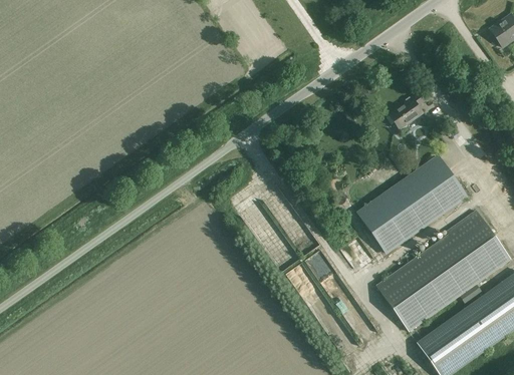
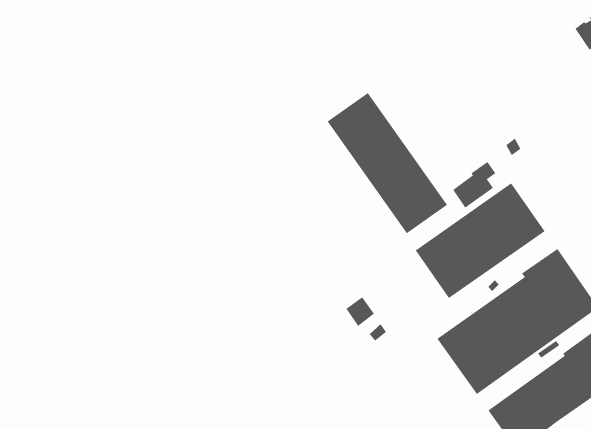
building: none -> [327,92,448,234]
building: [389,90,425,129] -> [453,161,496,208]

